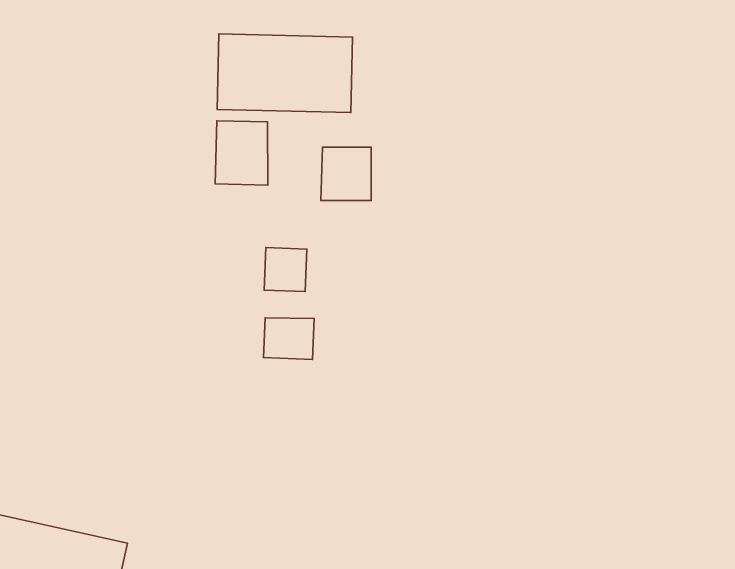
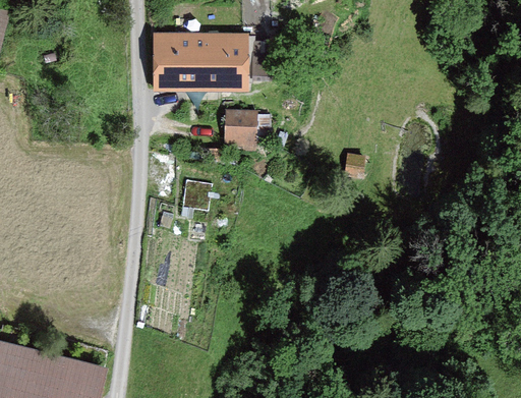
building: [215,121,268,185] -> none
building: [264,318,314,359] -> none

